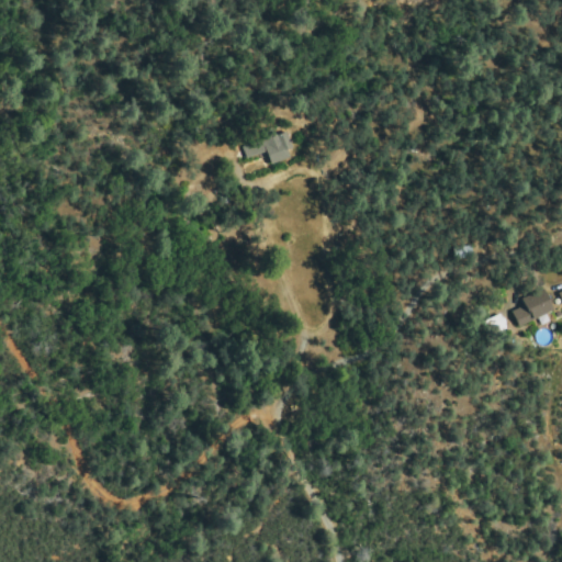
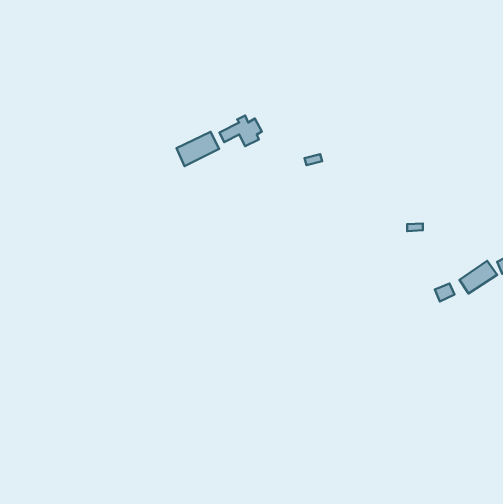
building: none -> [176,132,219,166]

